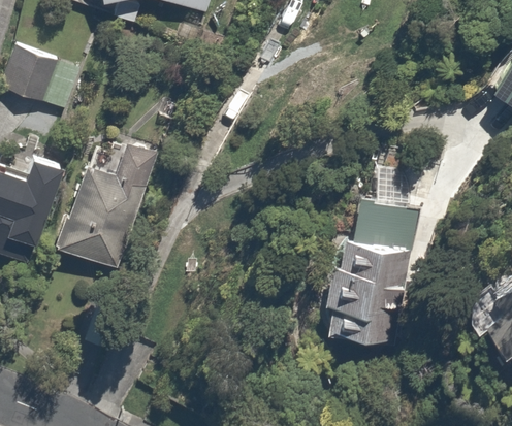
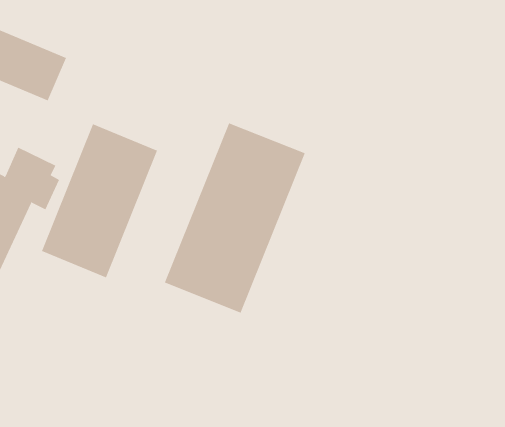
building: none -> [164,122,306,313]
building: [323,195,395,347] -> none

